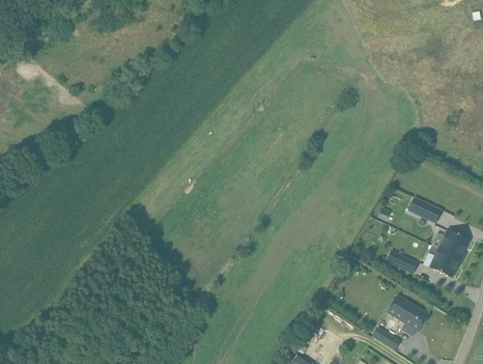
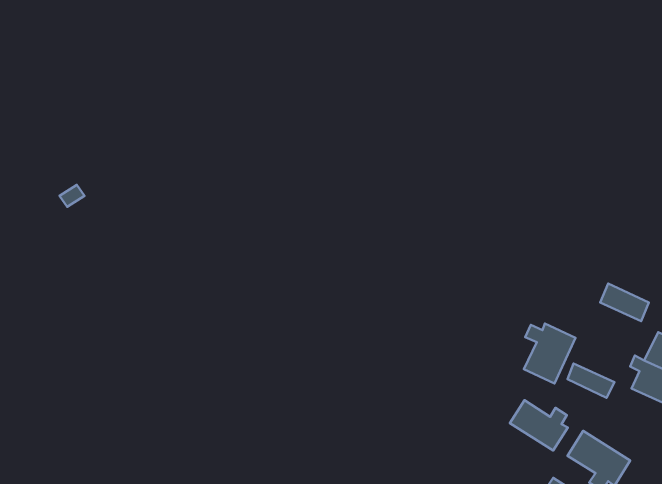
building: none -> [524,323,576,384]
building: none -> [510,400,568,451]

